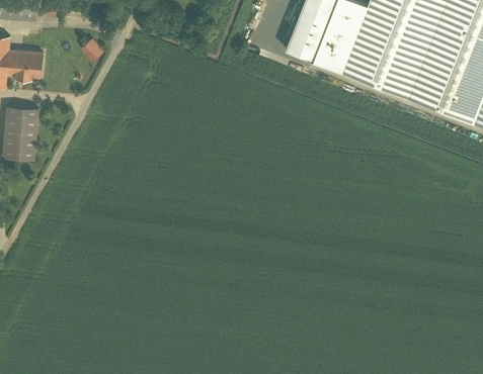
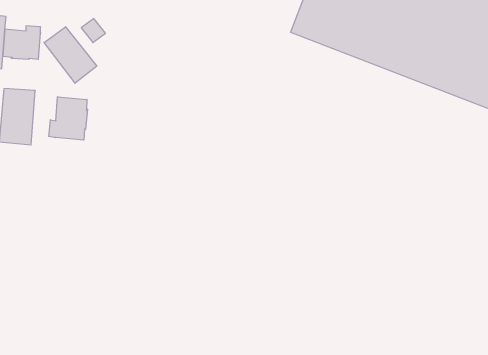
building: none -> [44,27,97,83]
building: none -> [49,97,88,140]

